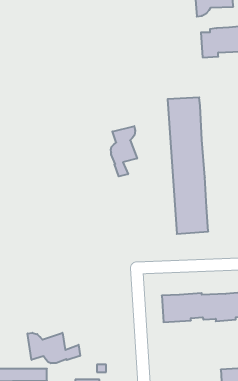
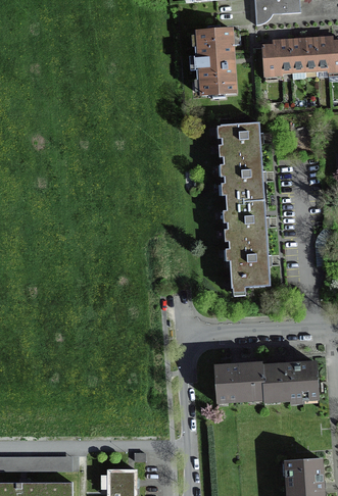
building: none -> [194,27,241,99]
building: [111,126,137,176] -> none
building: [28,333,80,363] -> none

